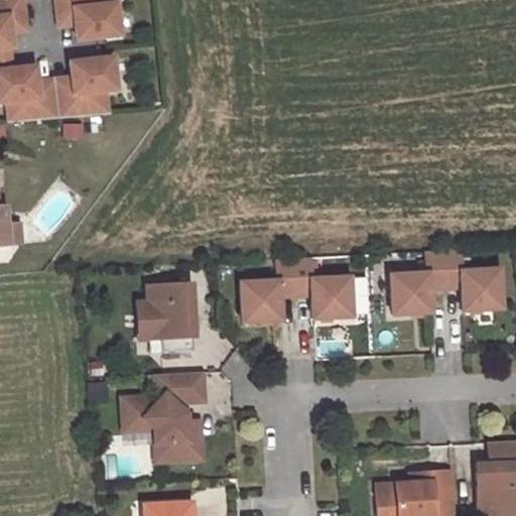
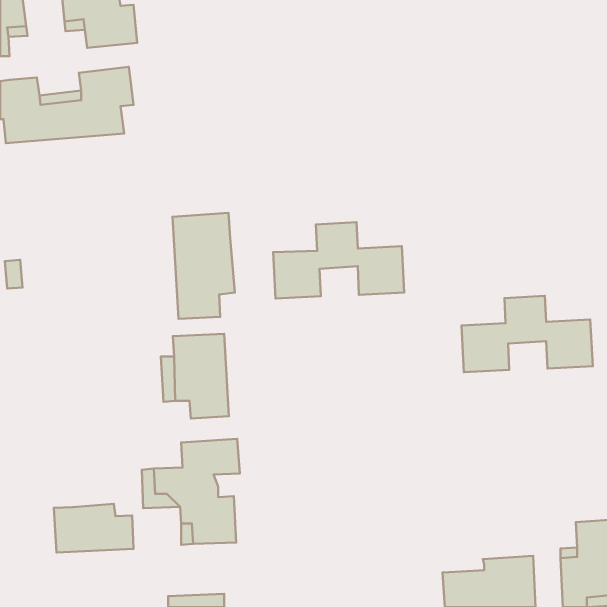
building: none -> [173,213,235,319]
building: [241,257,352,321] -> [273,222,404,299]
building: none -> [54,504,134,553]

